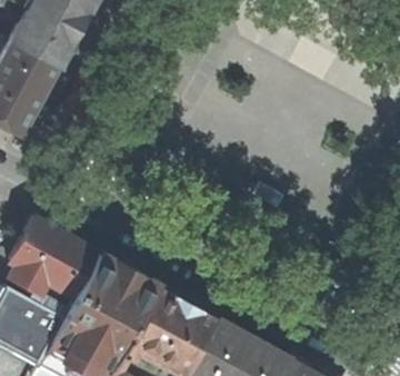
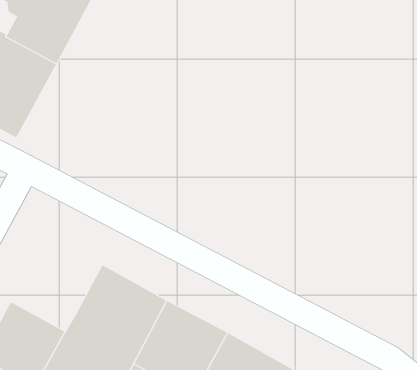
building: [11,219,100,297] -> none

